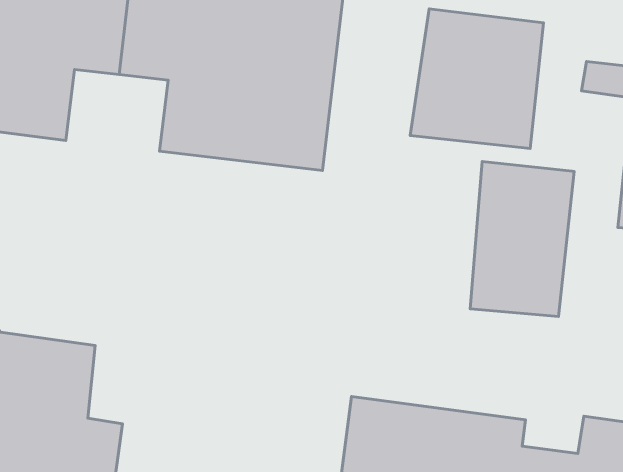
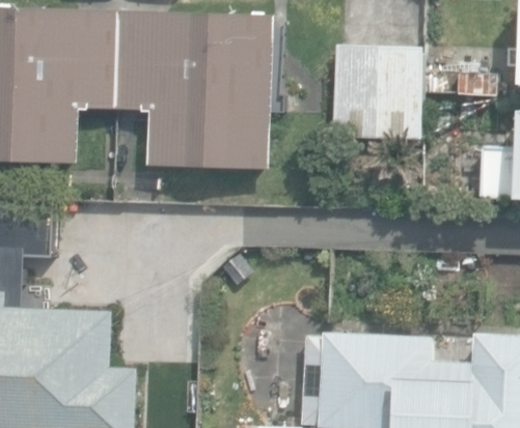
building: [470,161,574,317] -> none

